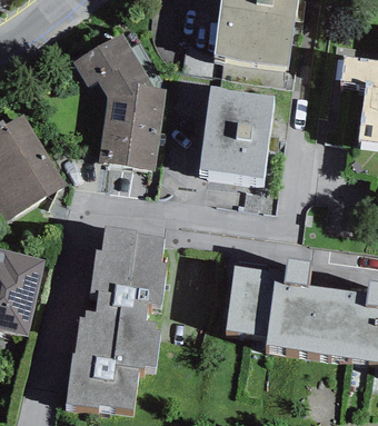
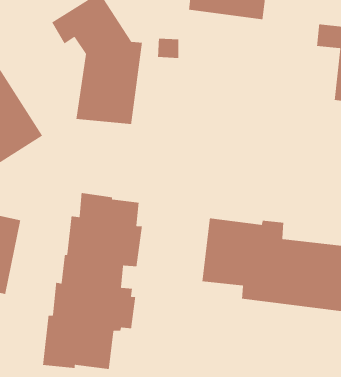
building: [200,95,273,187] -> none

